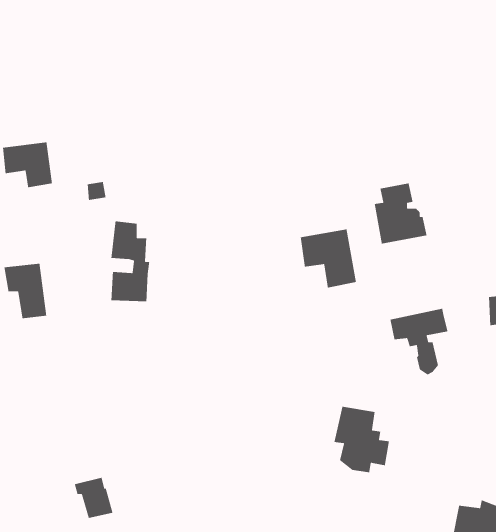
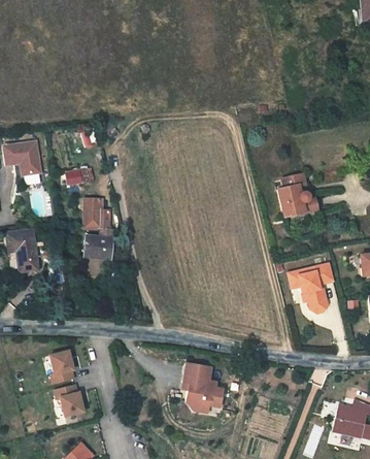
building: [300,229,357,289] -> none
building: [333,406,390,473] -> [179,363,221,413]
building: none -> [52,353,76,385]

